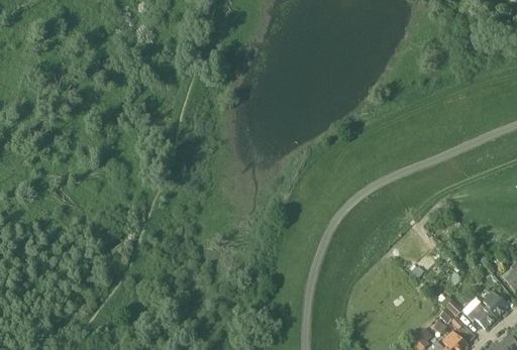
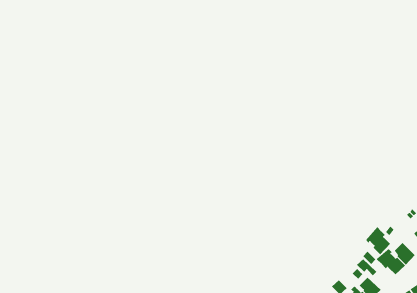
building: none -> [365,227,391,255]

